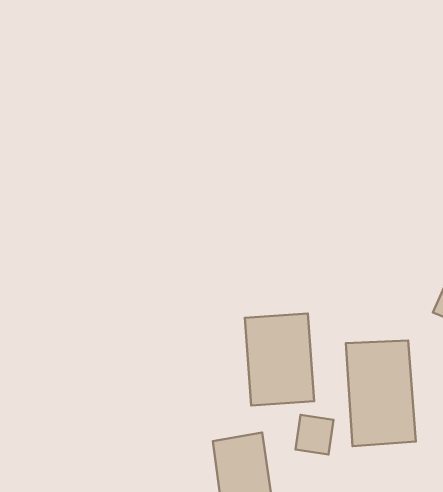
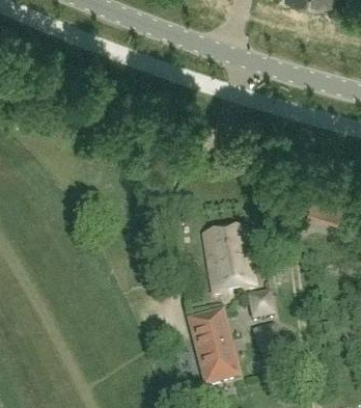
building: [346,340,416,446] -> none

